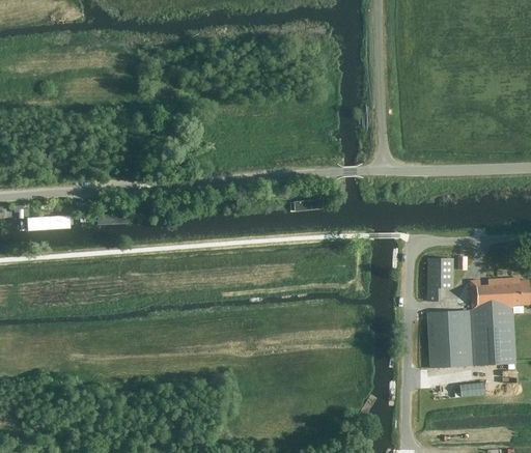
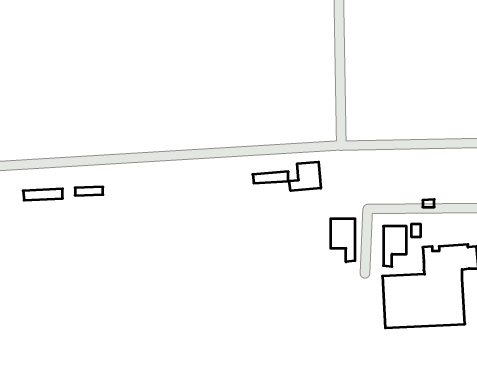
building: none -> [289,162,321,191]
building: none -> [331,219,355,262]

